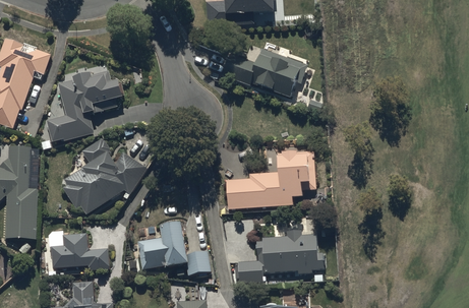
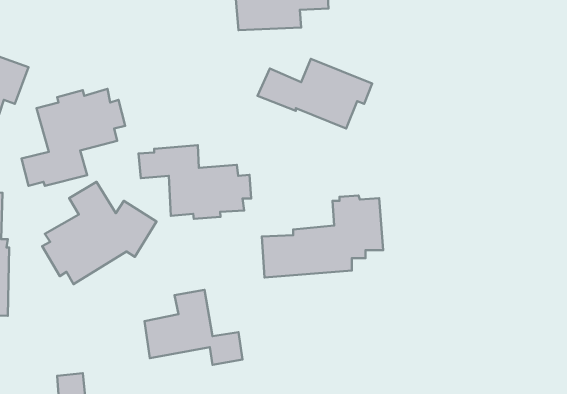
building: none -> [139,145,251,219]
building: [238,230,324,285] -> none
building: [51,233,108,270] -> none

